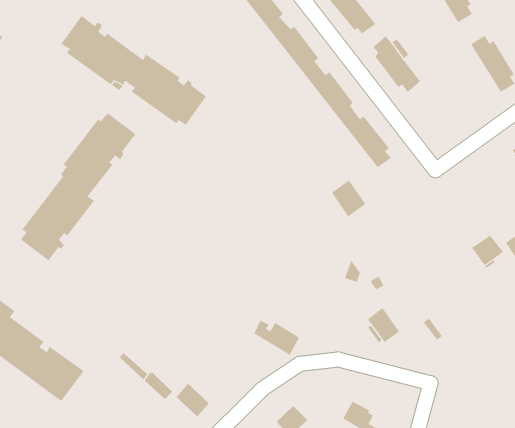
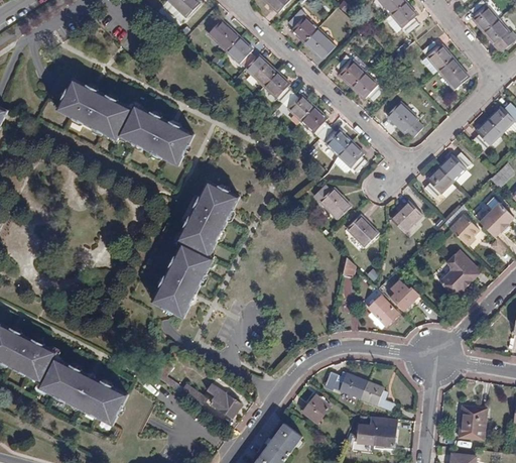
building: none -> [385,101,418,133]
building: [20,113,136,261] -> [153,179,241,318]
building: none -> [423,151,471,198]
building: none -> [390,201,421,232]
building: none -> [346,215,380,247]
building: none -> [438,248,480,296]
building: none -> [388,279,419,311]
building: [254,320,300,355] -> [325,371,366,398]

